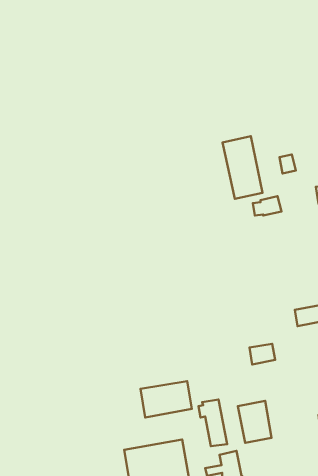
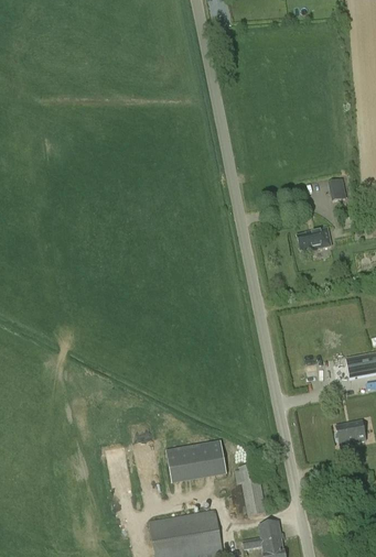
building: [222,136,263,199] -> none
building: [249,344,275,365] -> [335,422,365,446]
building: [238,401,272,443] -> none

